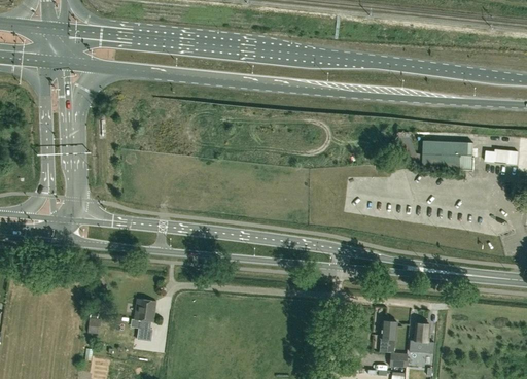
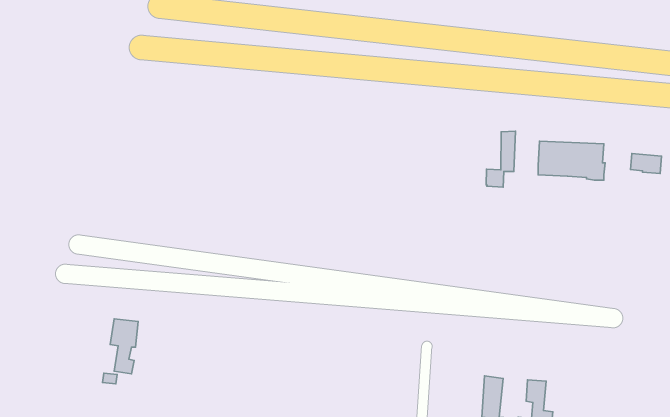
building: none -> [486,131,516,187]
building: [133,298,154,340] -> [110,319,138,374]

